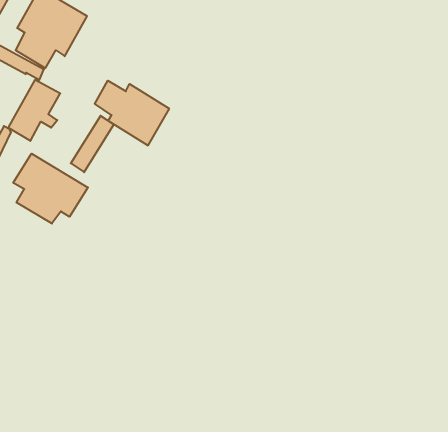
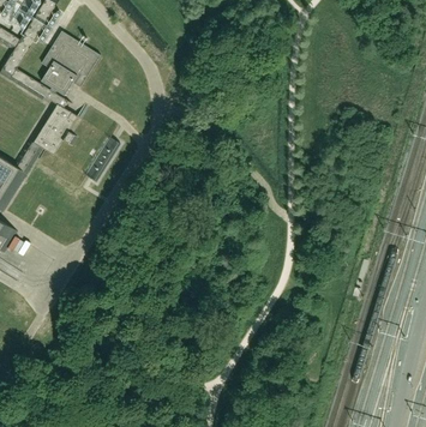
building: [95,81,169,146] -> none
building: [13,154,88,224] -> none

